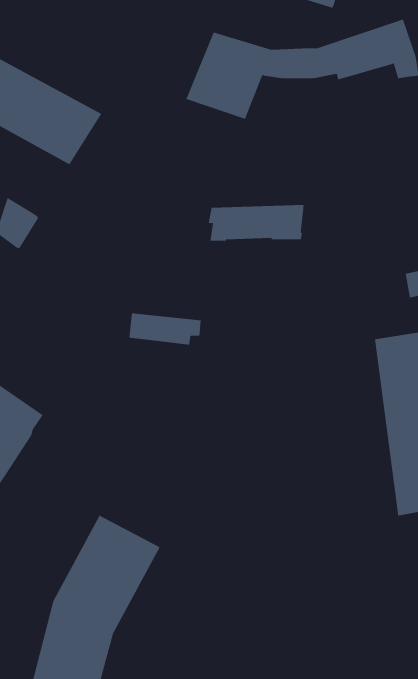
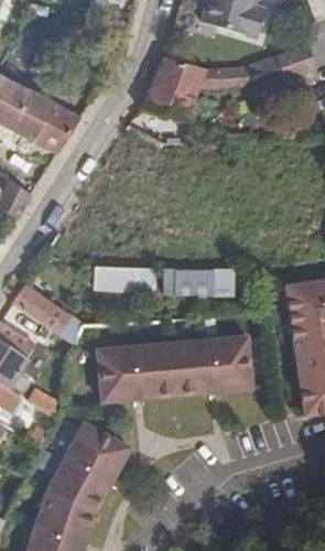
building: [208,205,304,241] -> [167,270,240,298]
building: none -> [12,285,84,345]
building: none -> [96,336,249,397]

